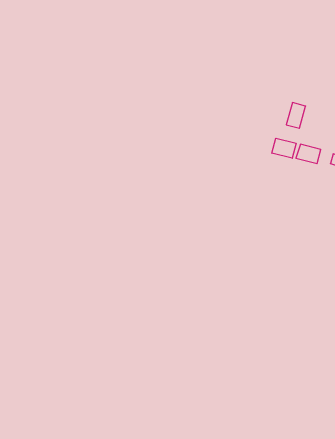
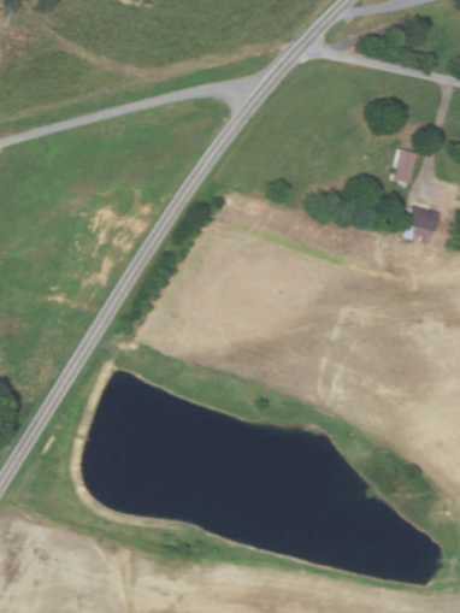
building: [272,138,296,158] -> none

